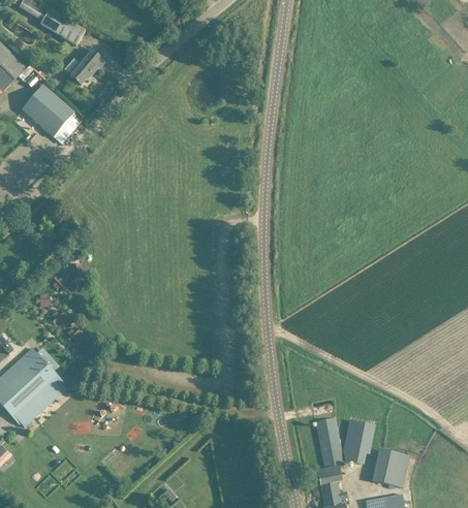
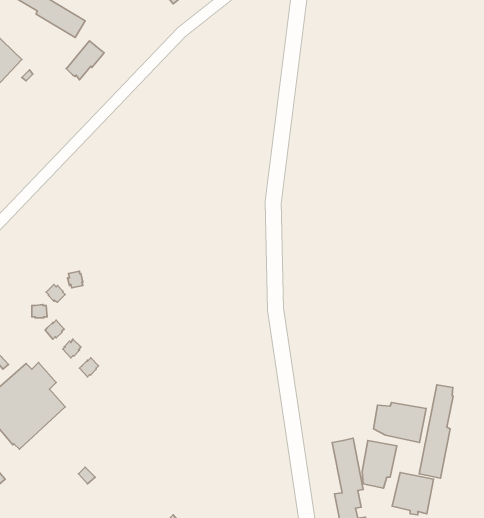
building: [22,85,74,137] -> none
building: none -> [419,385,453,478]
building: none -> [373,403,426,442]

